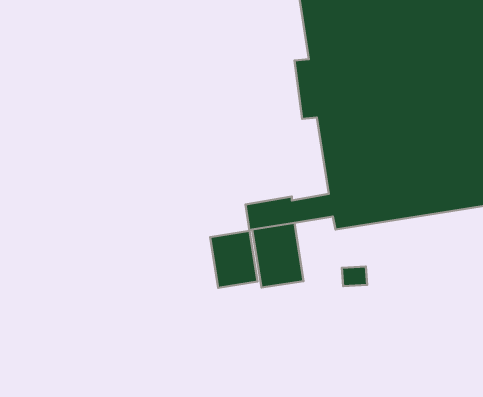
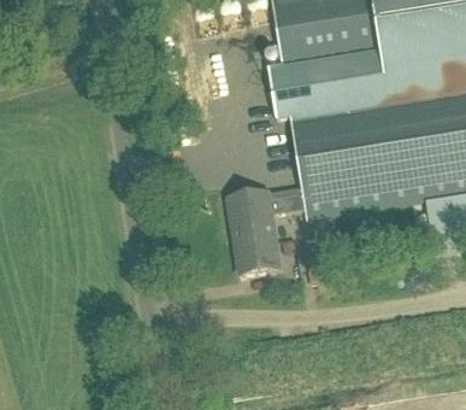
building: [210,231,257,288] -> none

